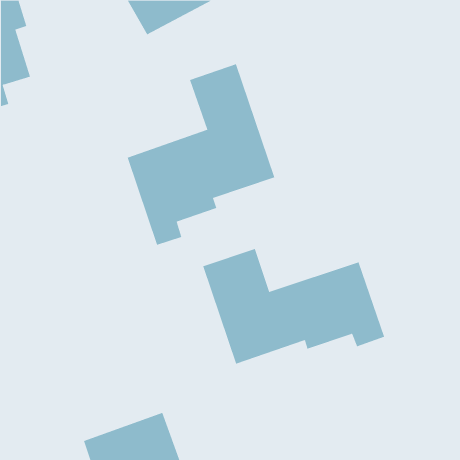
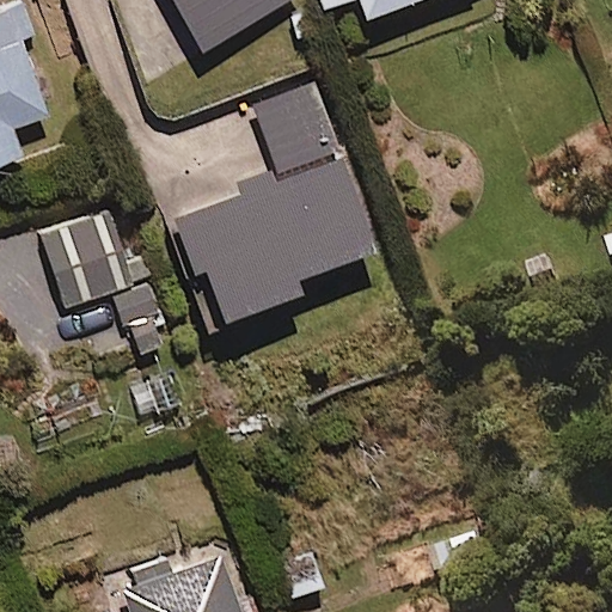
building: none -> [43,214,165,353]
building: [202,248,385,364] -> none

